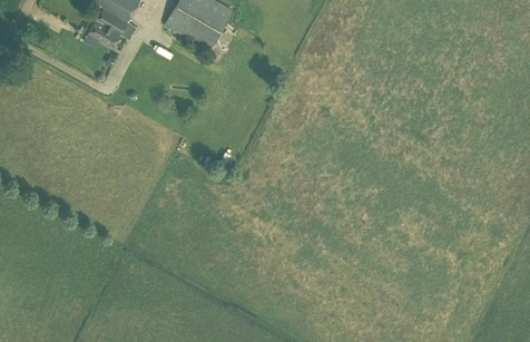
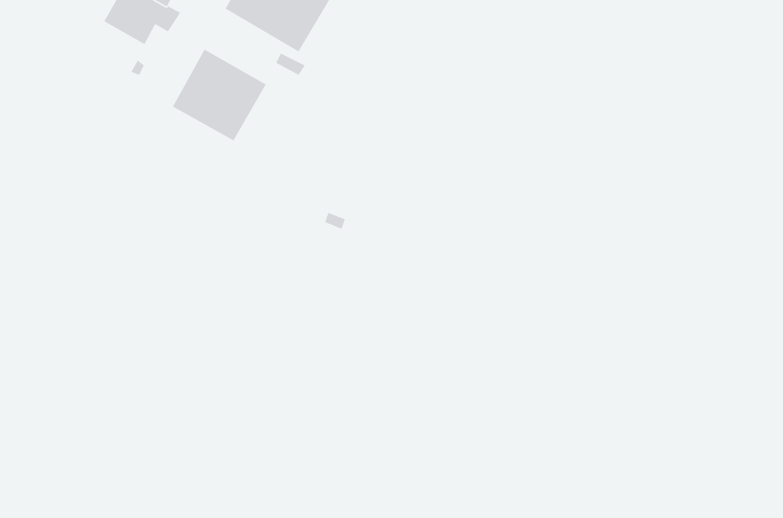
building: none -> [172,48,267,141]

